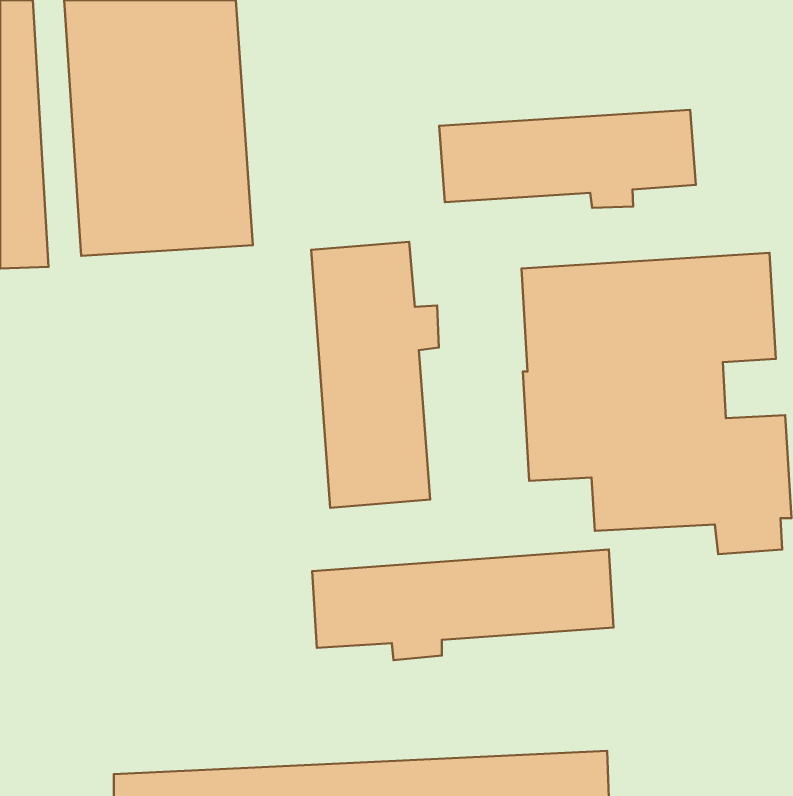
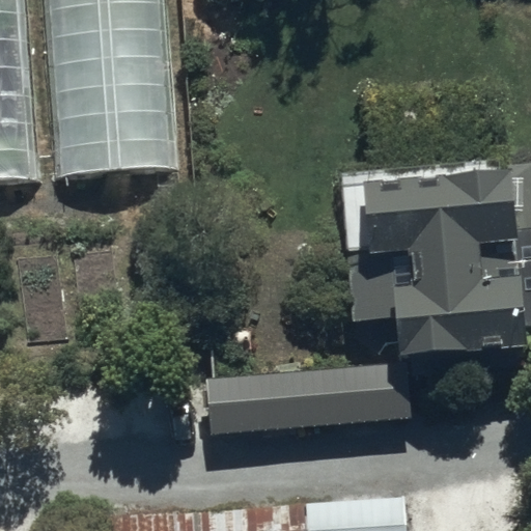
building: [439,110,696,208] -> none
building: [311,242,439,508] -> none

